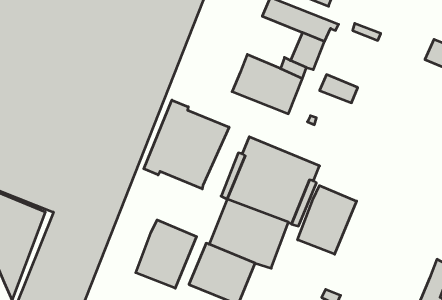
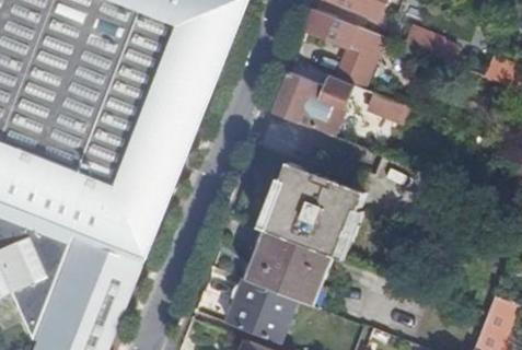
building: [144,100,229,189] -> none
building: [298,186,357,254] -> none
building: [136,220,197,288] -> none

